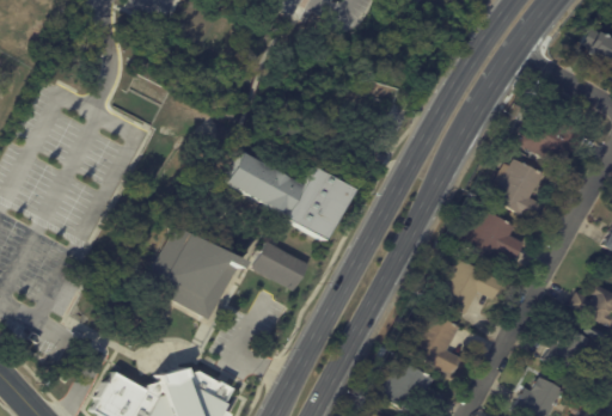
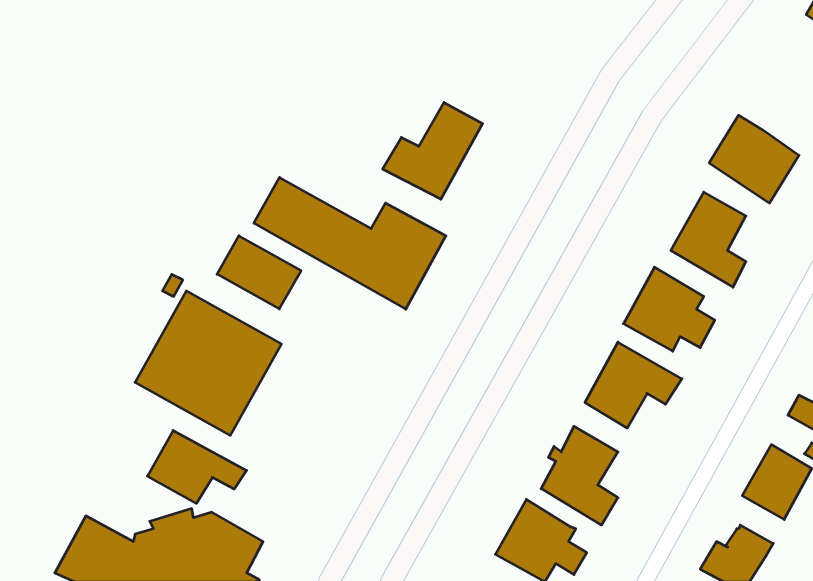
building: none -> [383,102,483,199]
building: [255,240,310,288] -> [217,236,301,309]
building: none -> [147,430,247,503]

